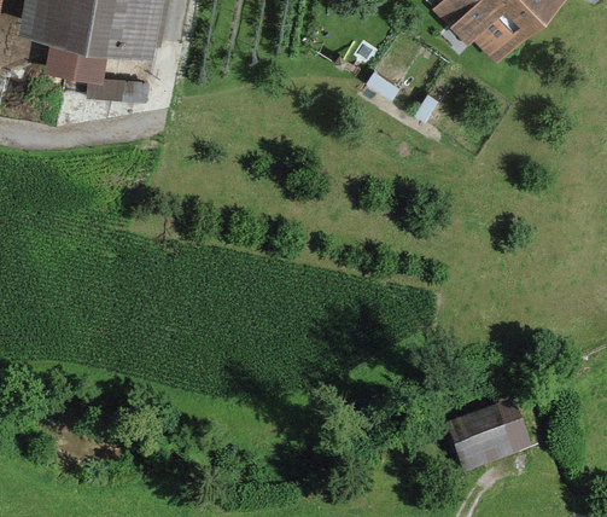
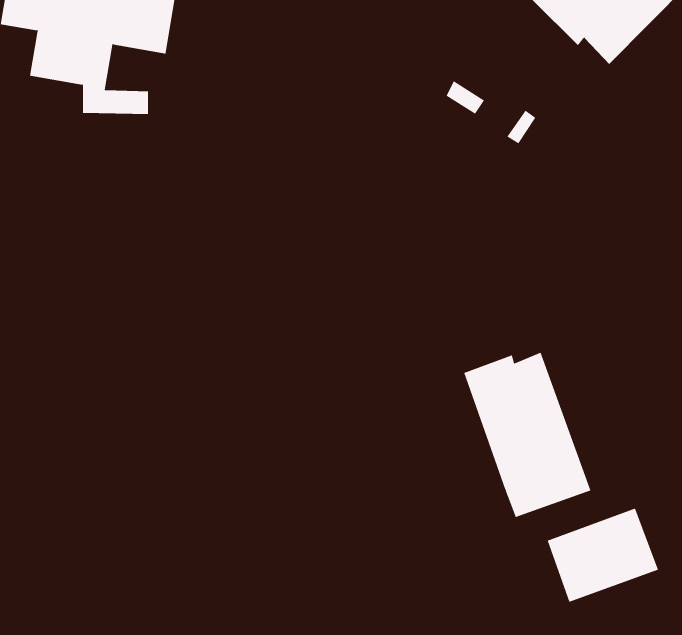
building: none -> [464,352,591,518]

